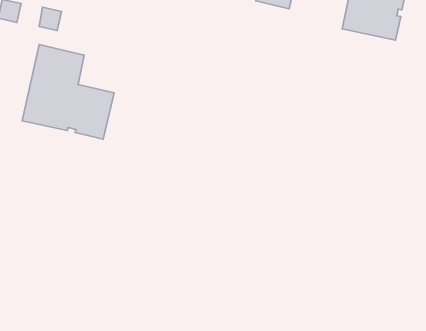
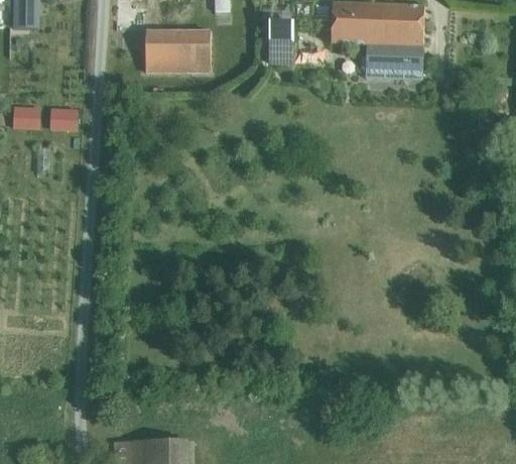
building: [22,44,114,139] -> none

